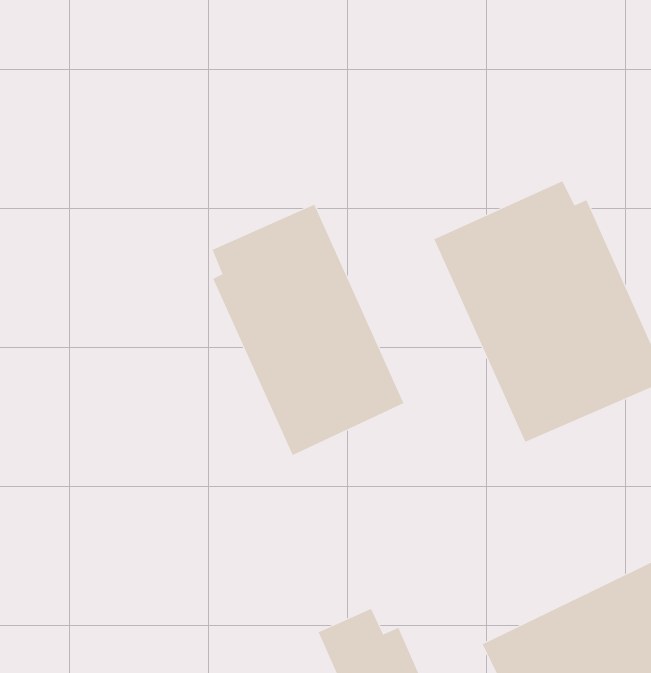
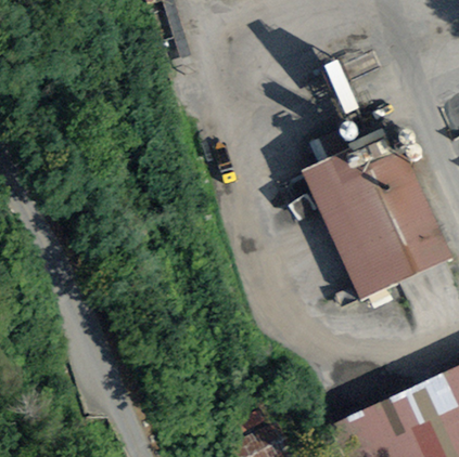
building: [212,204,404,456] -> none

